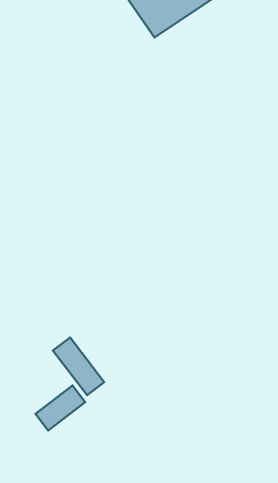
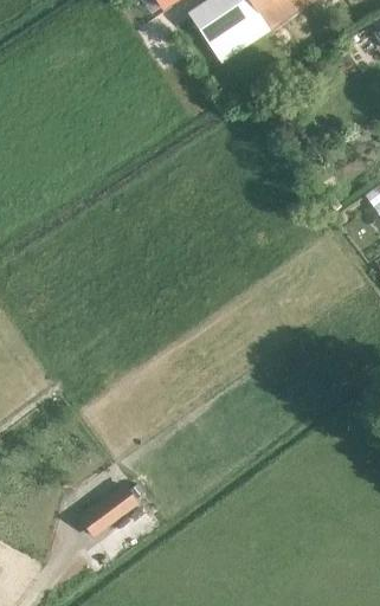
building: [53,338,104,395] -> none

